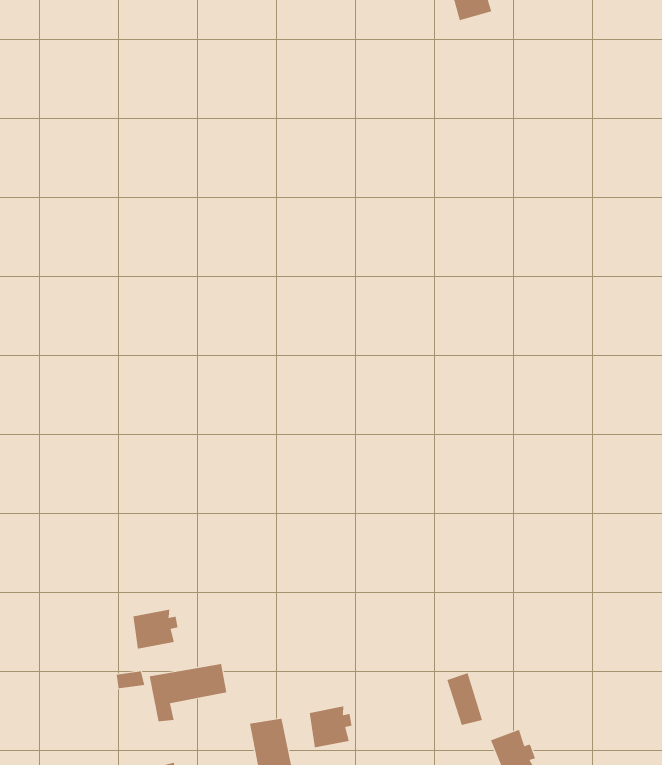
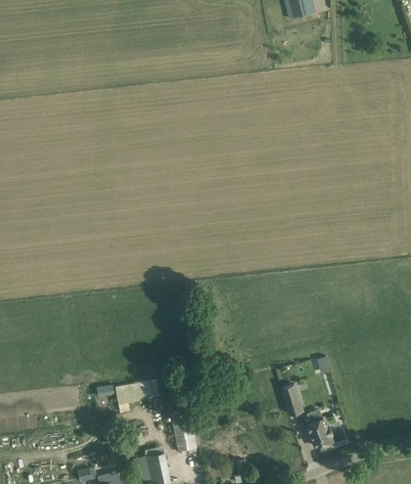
building: [133,609,178,649] -> none
building: [309,706,352,748] -> none

